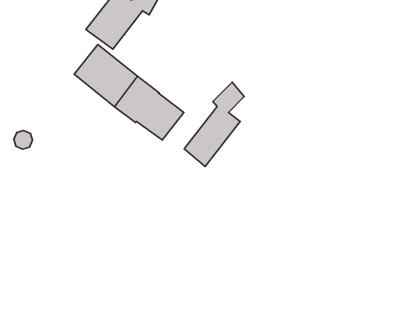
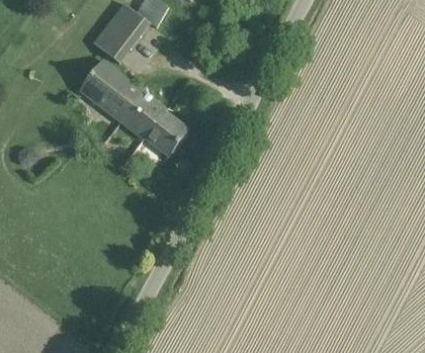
building: [184,82,244,166] -> none

